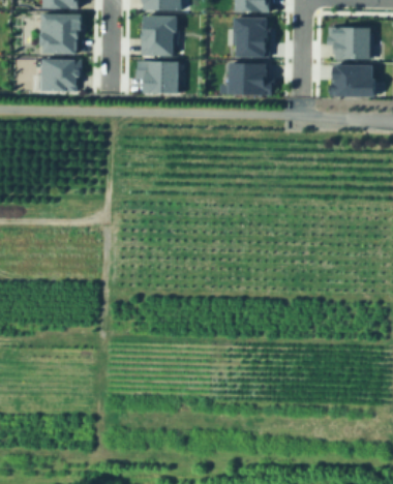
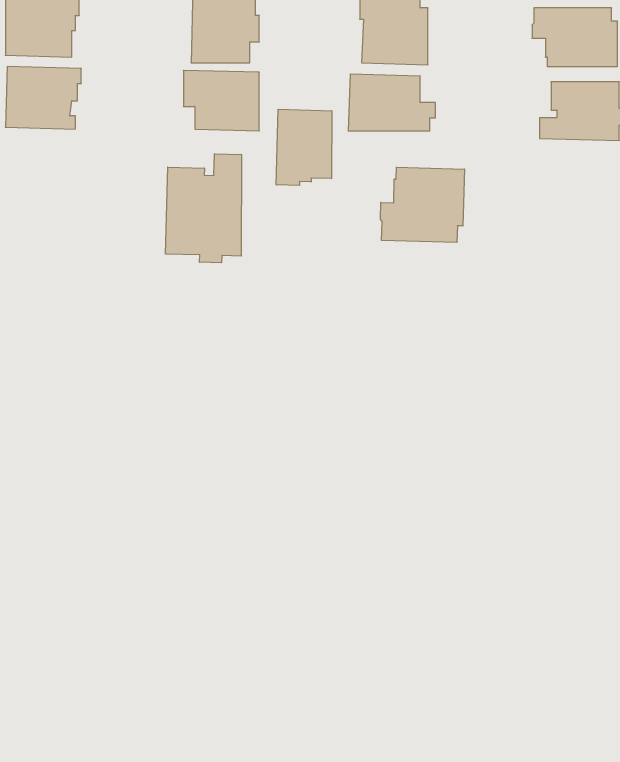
building: none -> [276,109,332,185]
building: none -> [166,154,241,263]
building: none -> [380,167,464,242]

